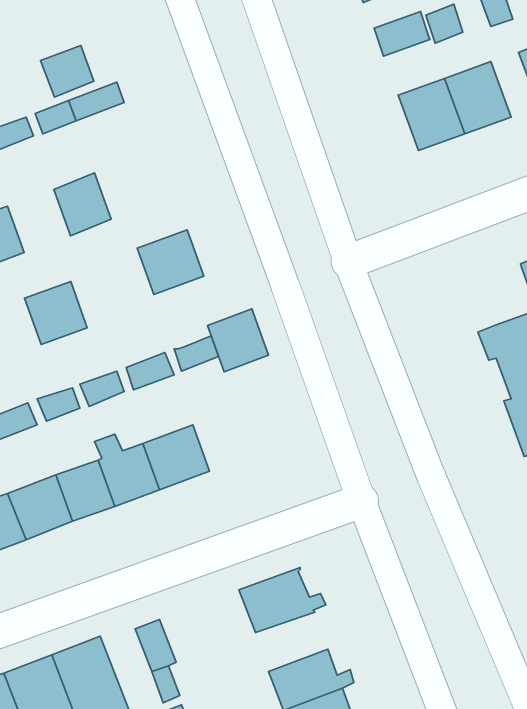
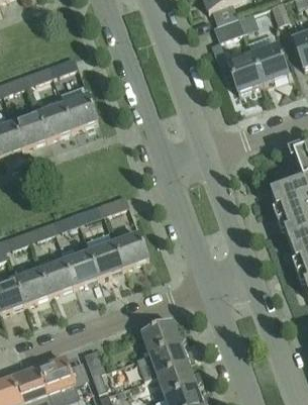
building: [40,45,94,97] -> none
building: [137,230,204,295] -> [62,93,98,128]
building: [24,281,87,344] -> [14,112,48,146]
building: [208,309,269,372] -> [115,231,148,266]
building: none -> [149,342,196,375]

